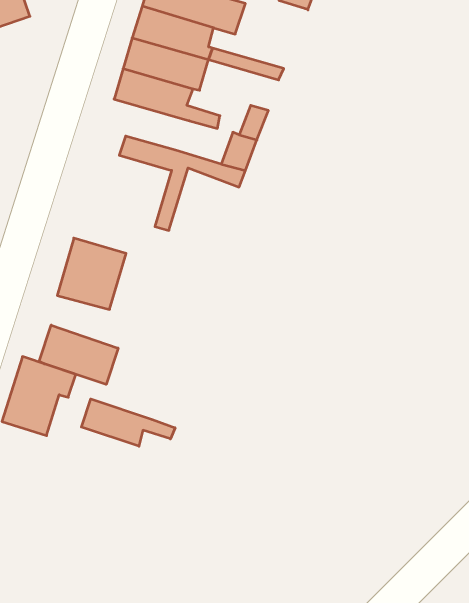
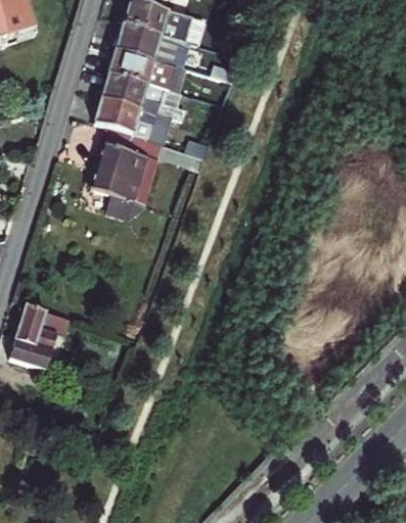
building: none -> [93,97,161,138]
building: [57,238,126,309] -> [91,142,146,199]
building: [39,325,118,384] -> none
building: [81,399,175,446] -> none

